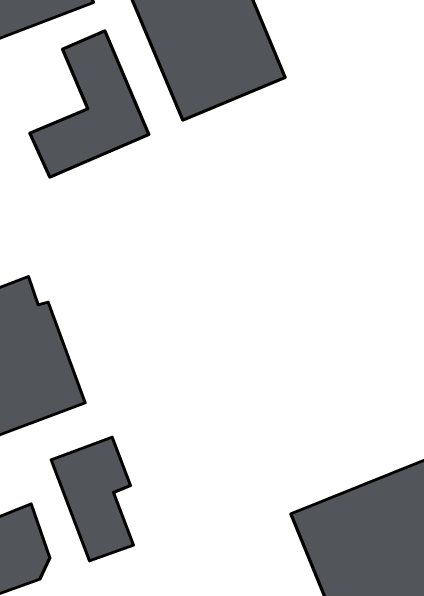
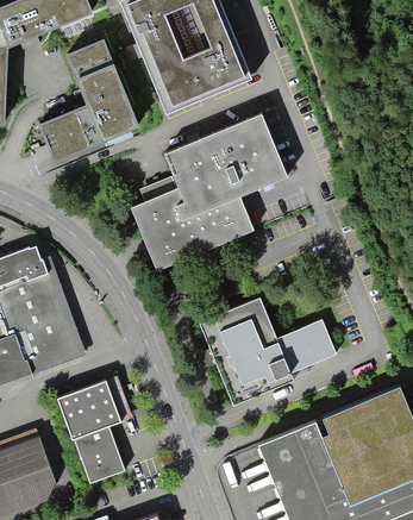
building: none -> [131,113,288,269]
building: none -> [200,299,336,403]

